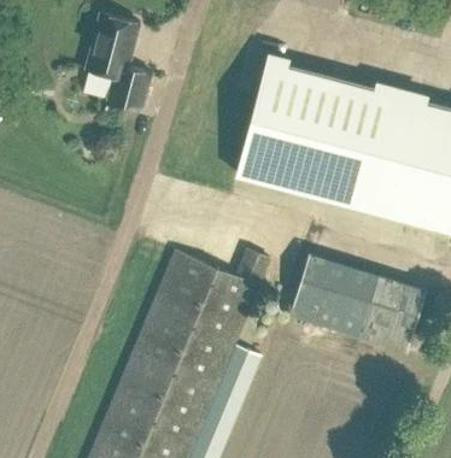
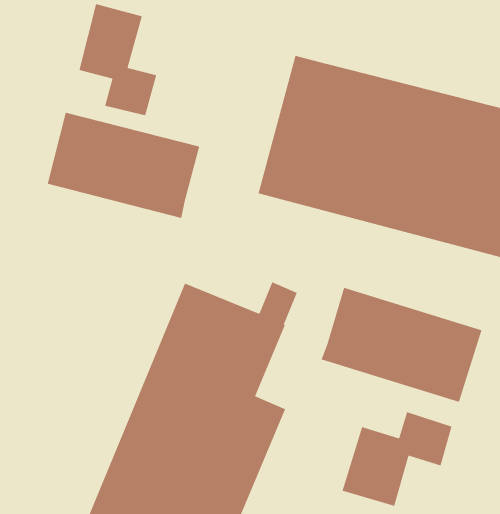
building: none -> [47,112,200,219]
building: none -> [341,411,453,507]

